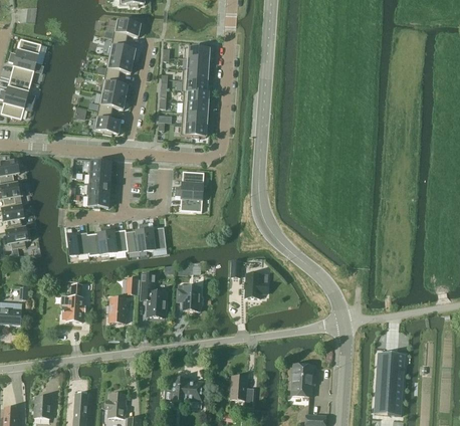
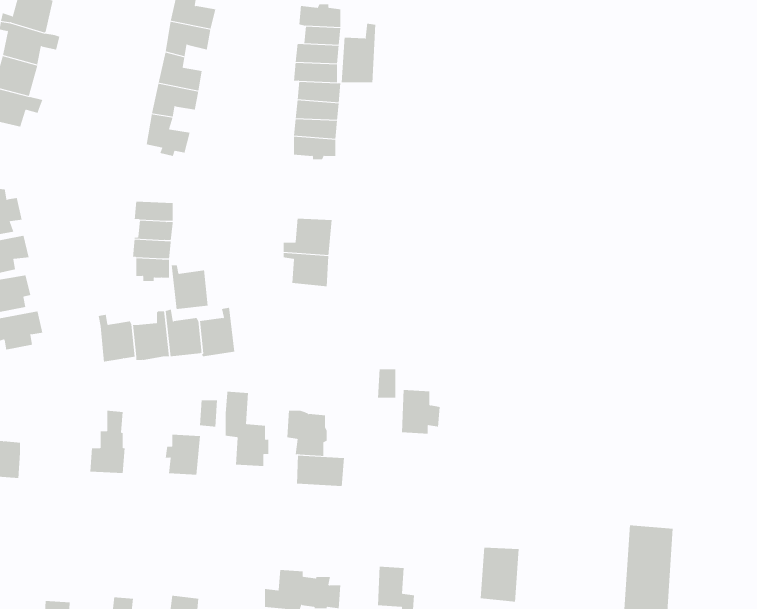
building: none -> [341,23,376,83]
building: [145,223,167,249] -> [171,265,208,309]
building: none -> [297,455,345,487]

